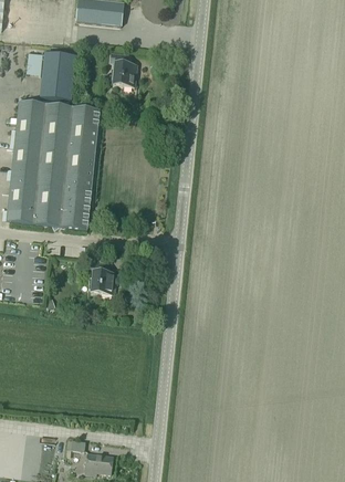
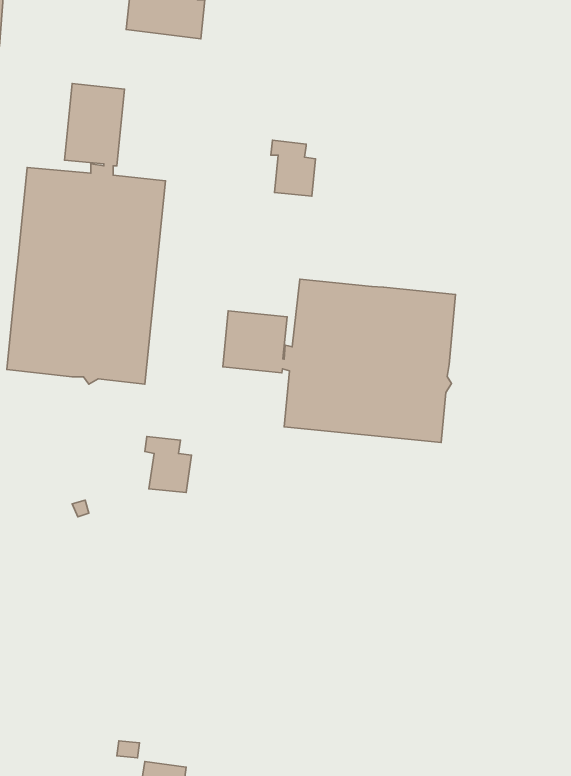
building: [109,53,136,86] -> [271,140,316,196]
building: none -> [223,279,455,443]

